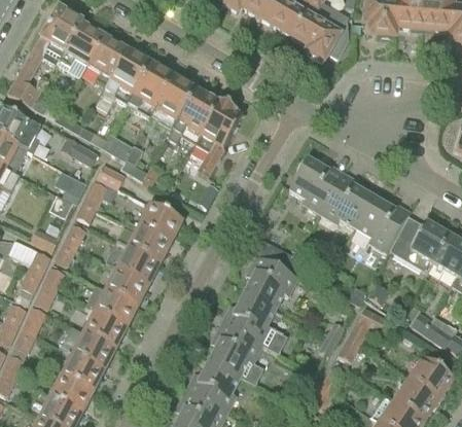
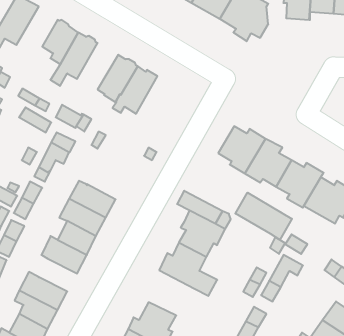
building: [57,23,104,78] -> none
building: [127,63,174,117] -> none
building: [194,101,243,176] -> none
building: [137,203,182,243] -> none
building: none -> [235,193,292,240]
building: [81,311,127,349] -> none
building: [209,324,263,385] -> none

